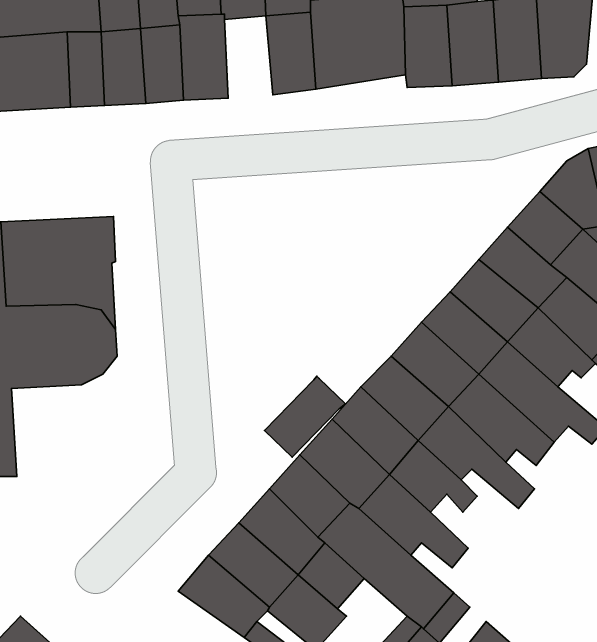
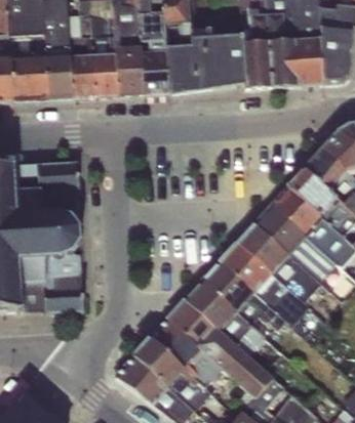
building: none -> [142,46,169,93]
building: none -> [19,241,84,310]
building: [265,376,346,457] -> none

